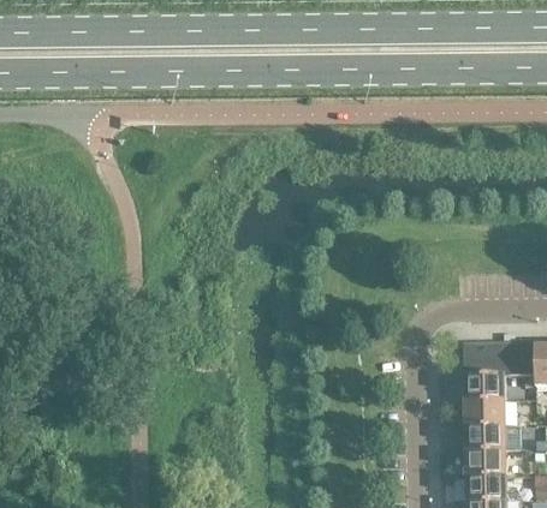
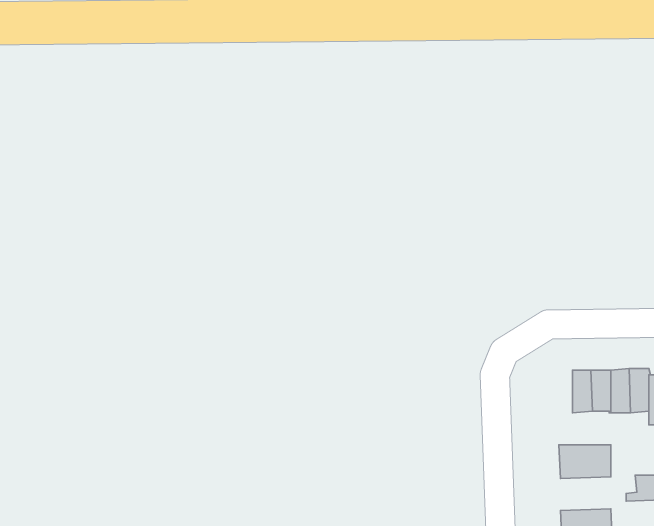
building: [465,375,506,401] -> none
building: [466,426,506,453] -> none

